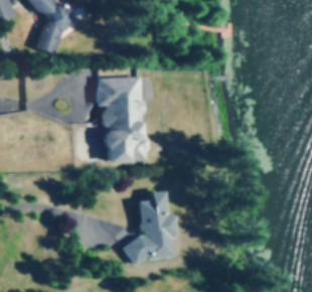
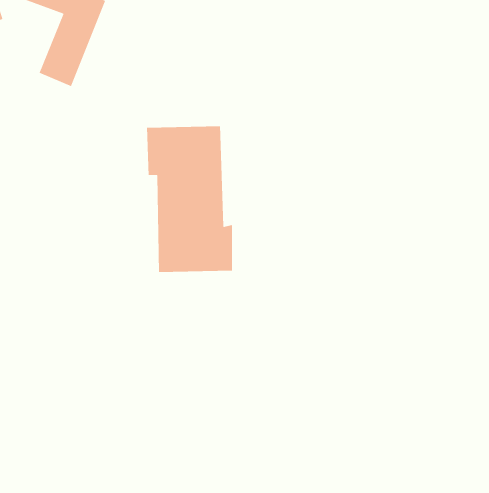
building: [126,190,175,261] -> none

